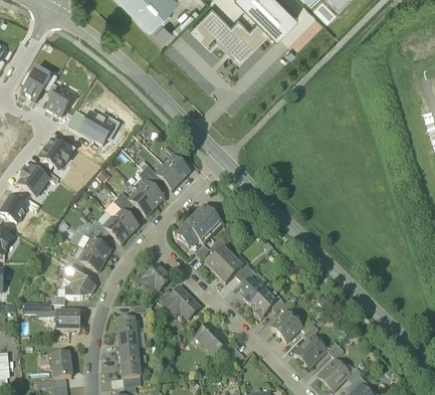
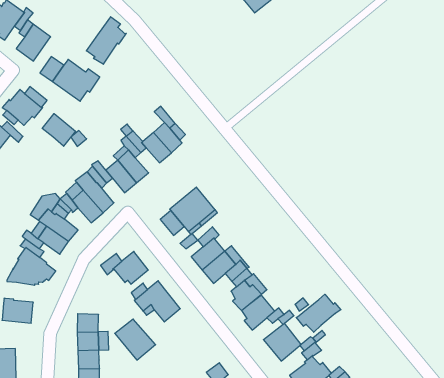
building: none -> [86,17,126,64]
building: none -> [42,114,75,146]
building: none -> [296,294,341,332]
building: [195,323,229,356] -> [115,319,156,360]

